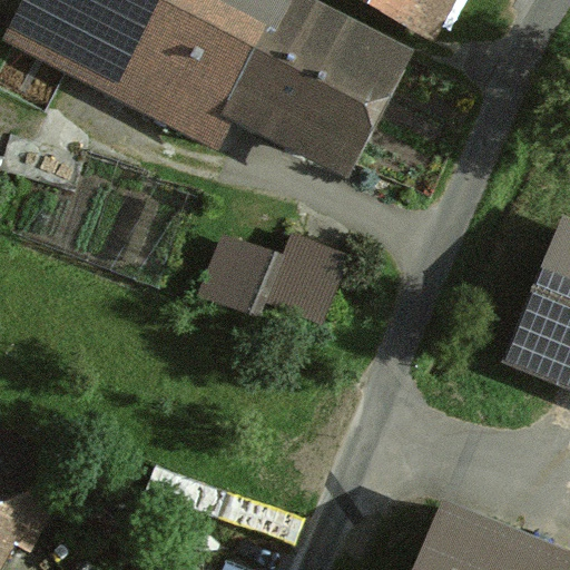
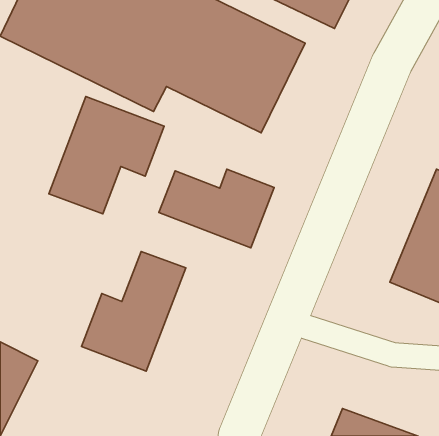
building: none -> [49,96,164,214]
building: none -> [82,251,186,371]

